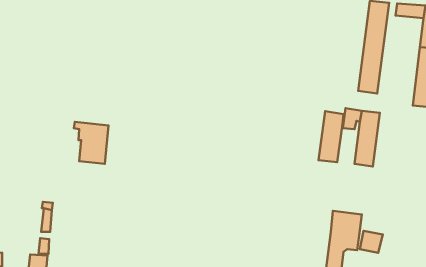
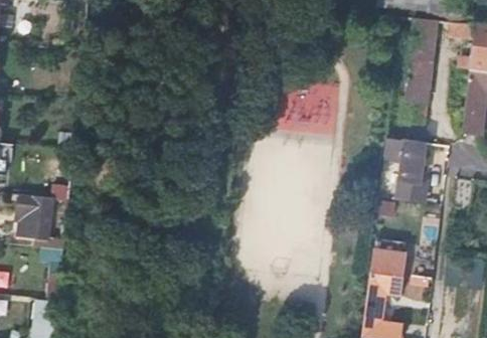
building: [319,111,343,162] -> none
building: [74,122,108,164] -> [14,193,52,239]

